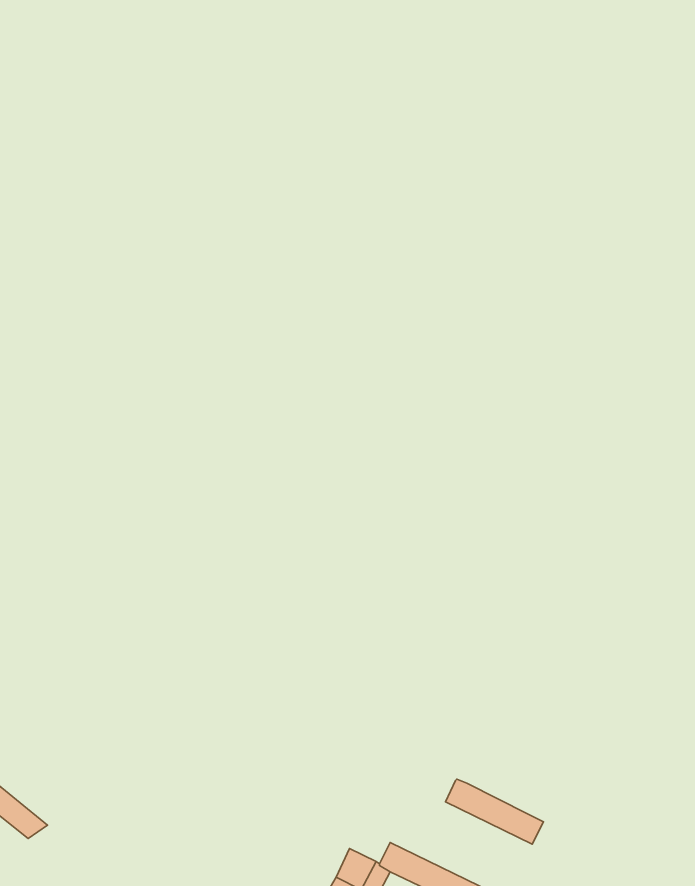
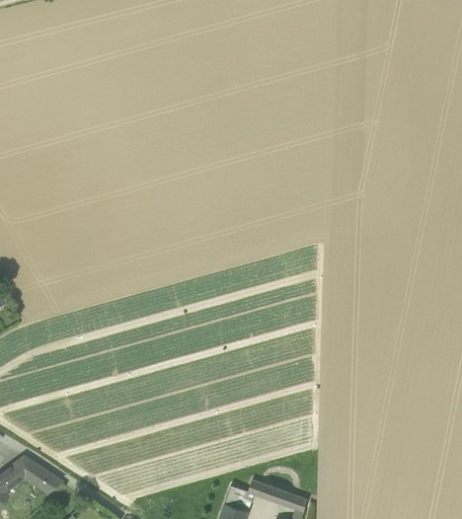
building: [445,779,543,844] -> none

